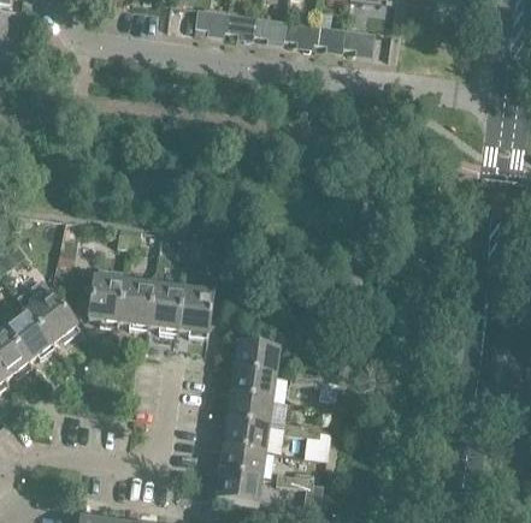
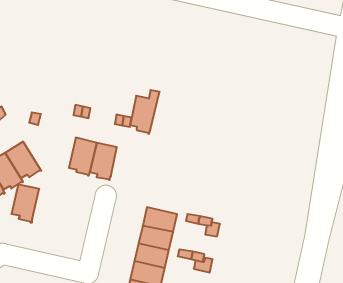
building: [89,275,125,327] -> [11,184,39,223]
building: [179,278,217,339] -> [130,90,160,134]
building: [234,341,281,374] -> none

